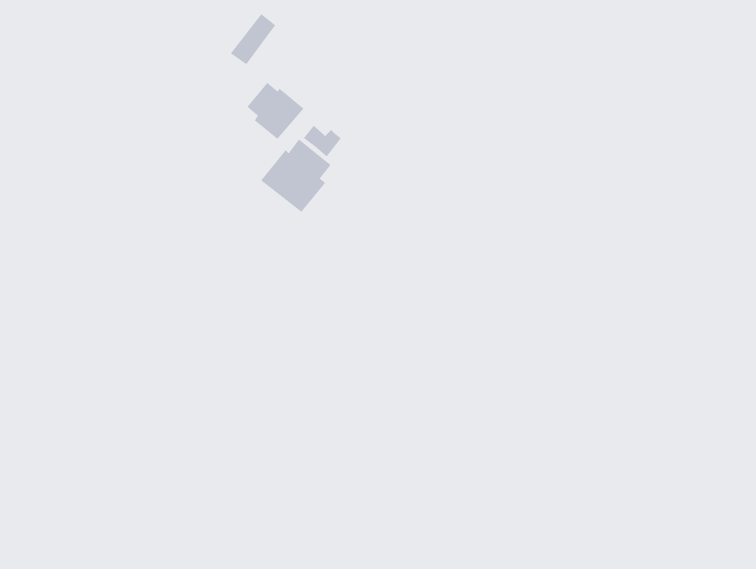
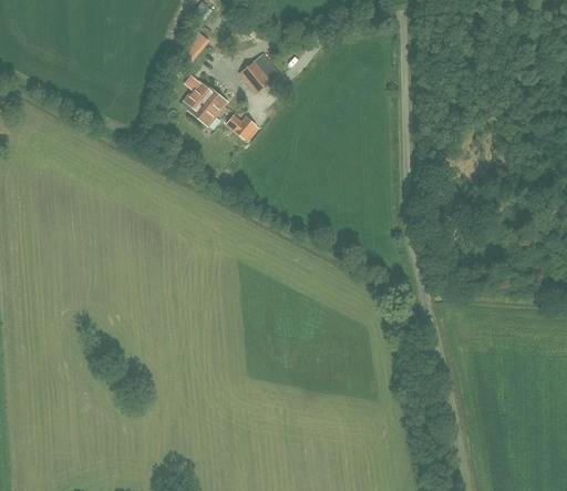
building: none -> [240,54,279,93]
building: [260,139,331,213] -> none

